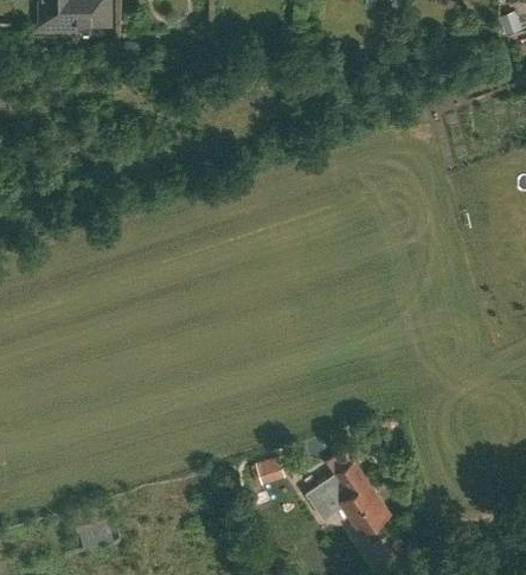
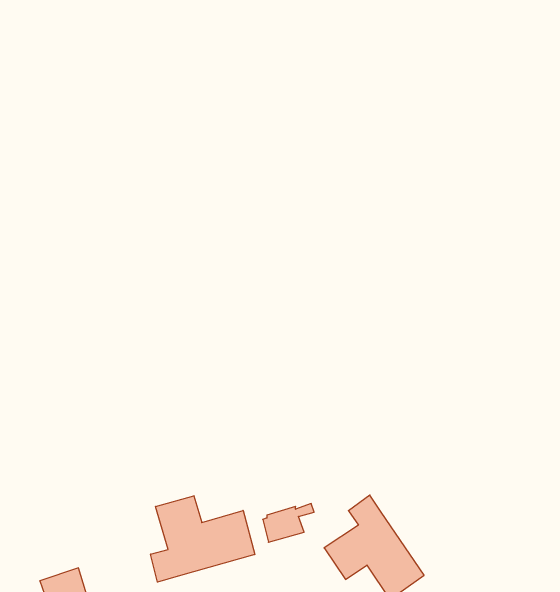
building: none -> [151,496,255,582]

